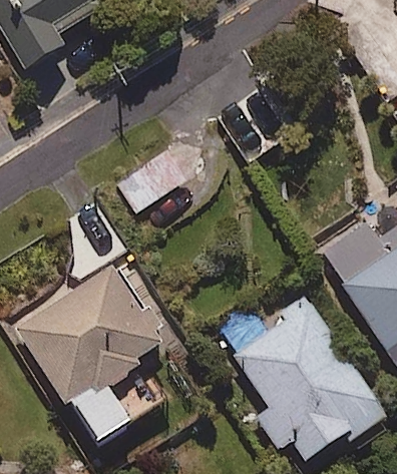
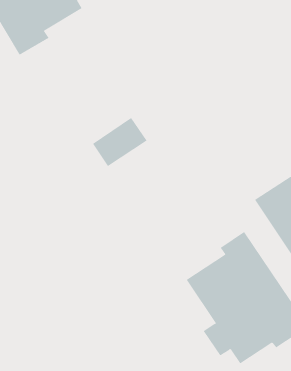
building: [13,263,159,437] -> none

